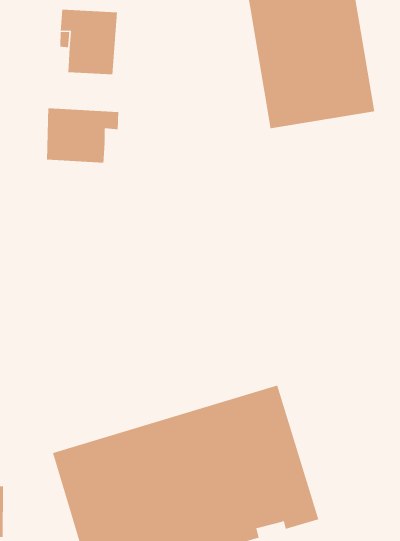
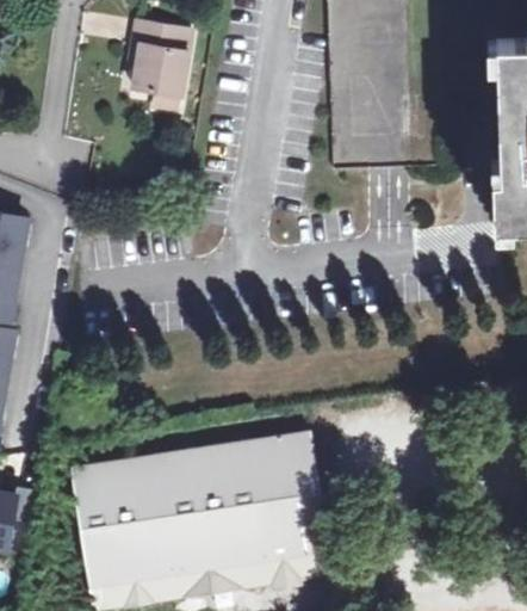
building: [46,108,119,164] -> none

